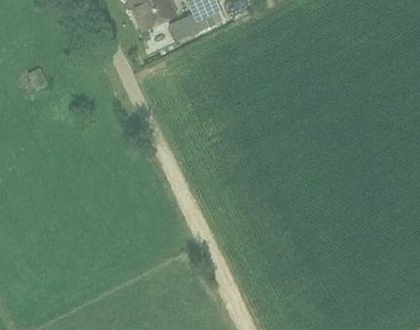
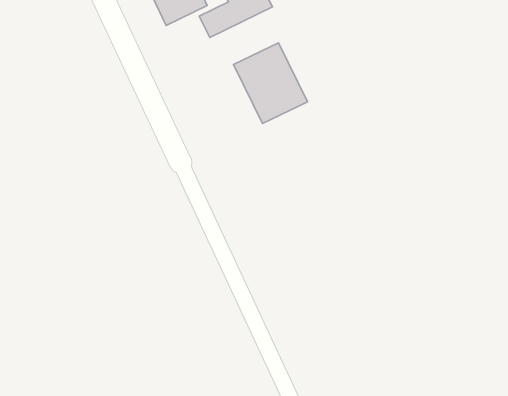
building: none -> [233,43,307,124]

